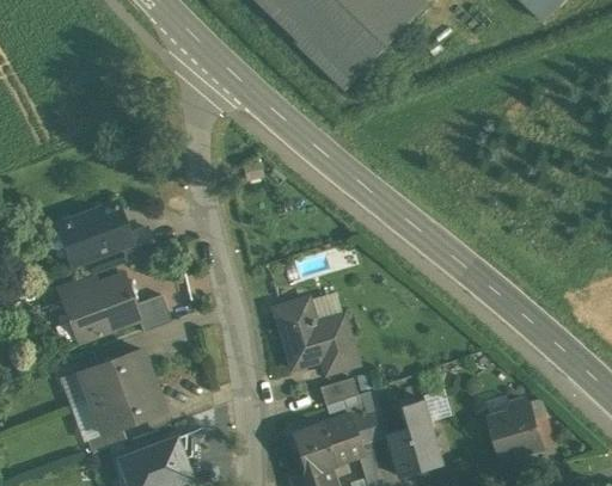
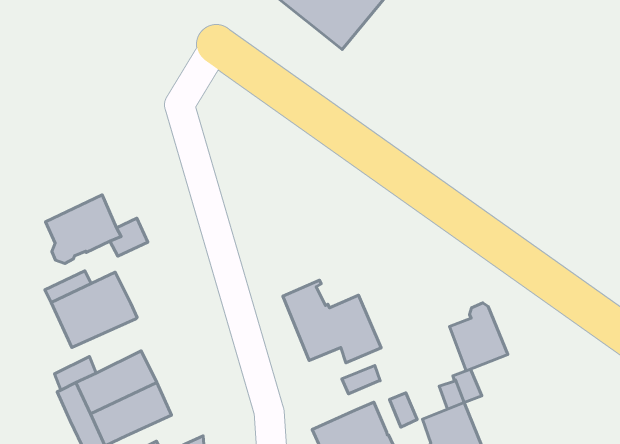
building: [135,293,172,331] -> none
building: [328,393,371,441] -> none
building: [492,396,544,457] -> [450,303,508,371]

